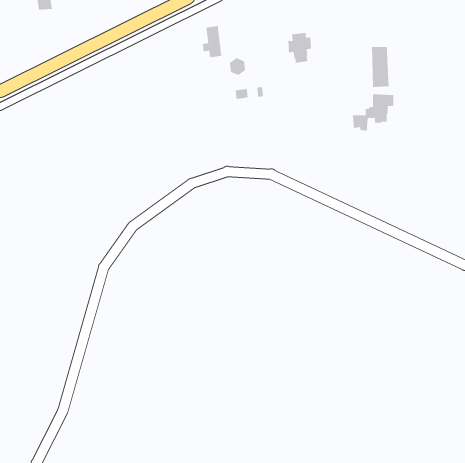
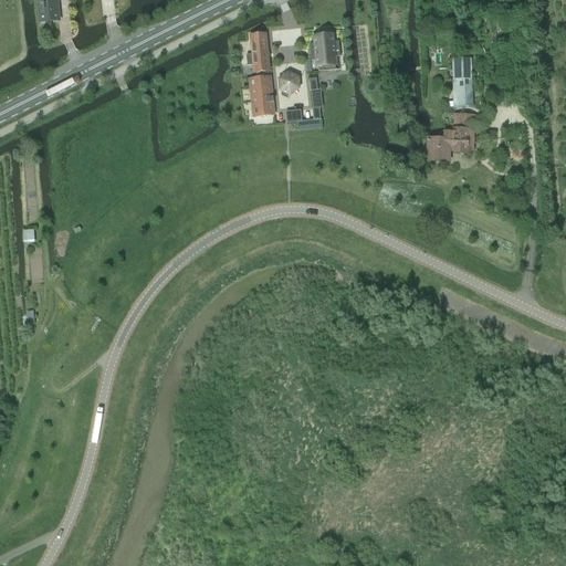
building: [287,32,312,63] -> [310,32,339,70]
building: none -> [249,74,275,115]

